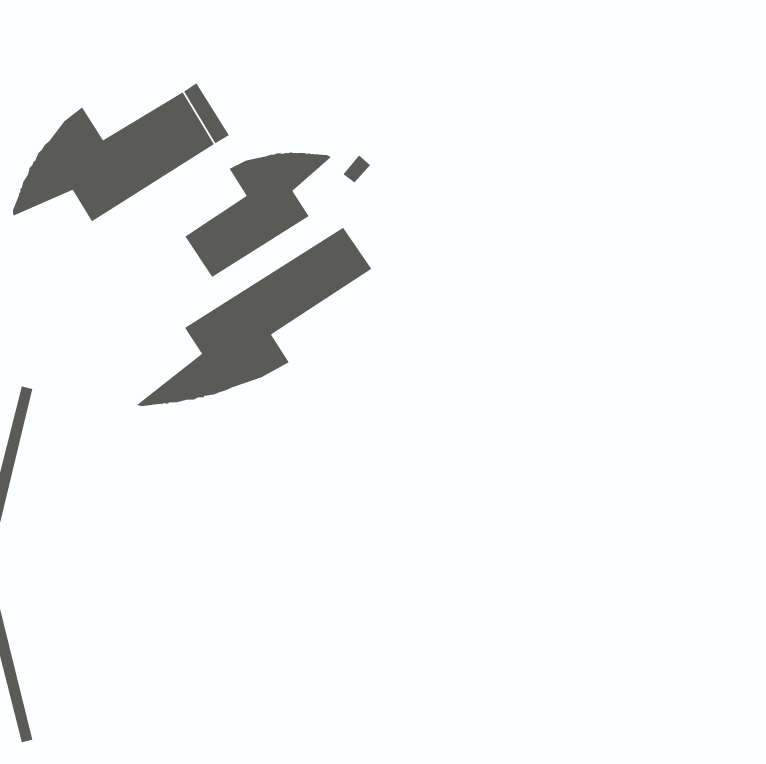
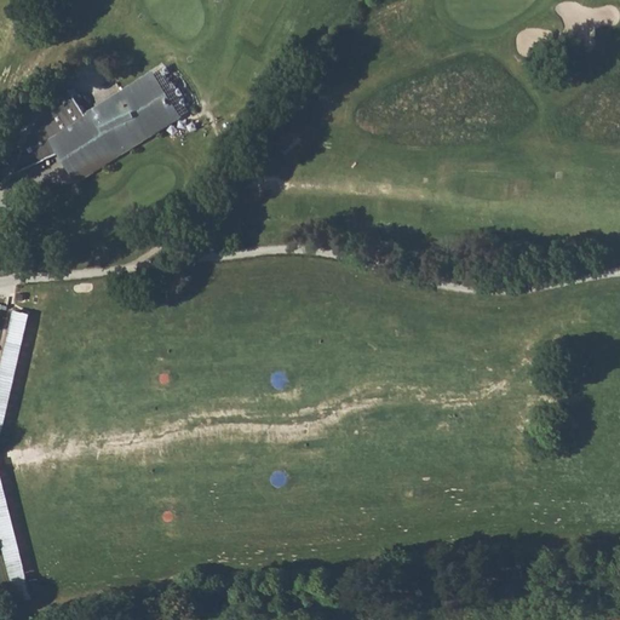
building: [185,152,331,278] -> none
building: [137,227,372,407] -> none

